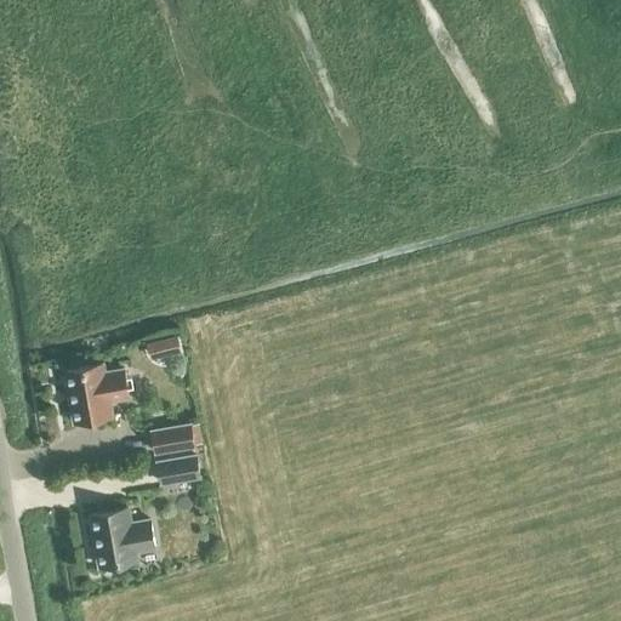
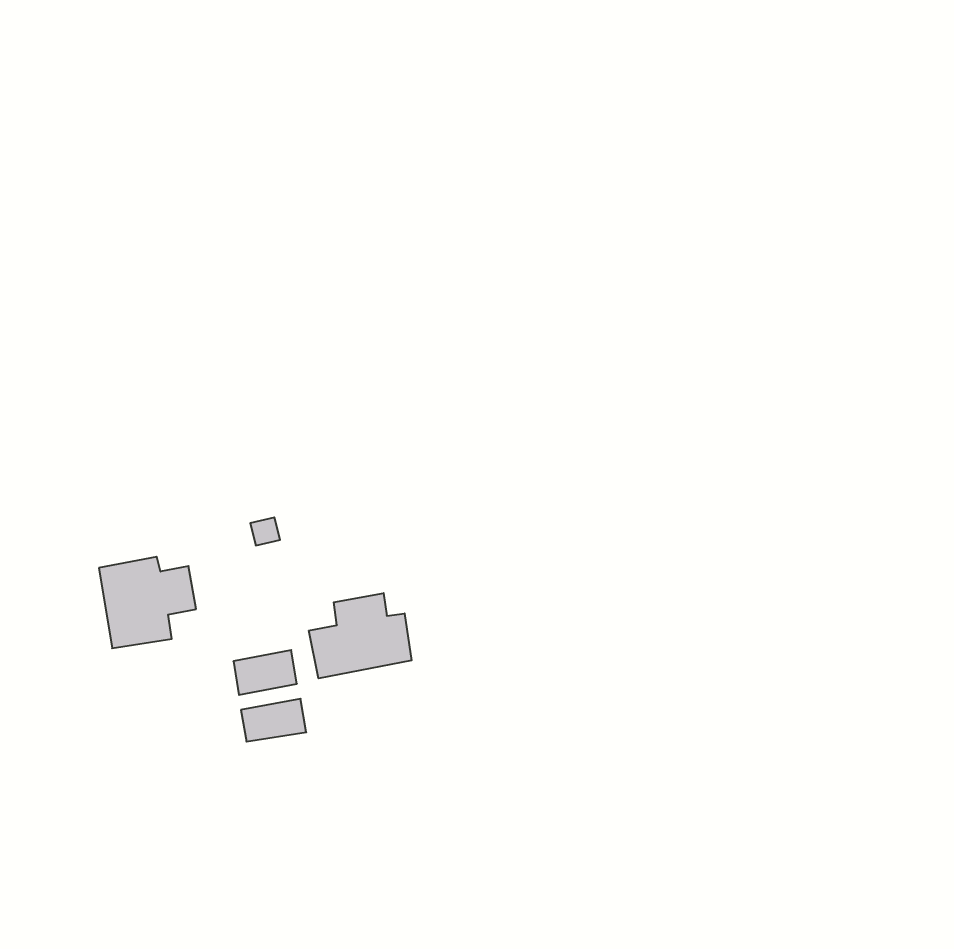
building: none -> [309,593,412,678]
building: [89,509,154,569] -> none

